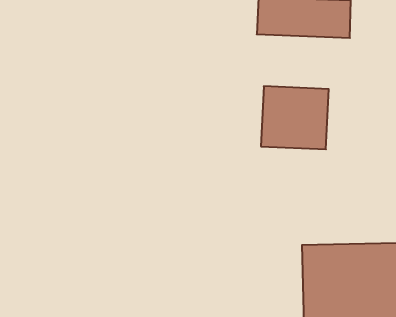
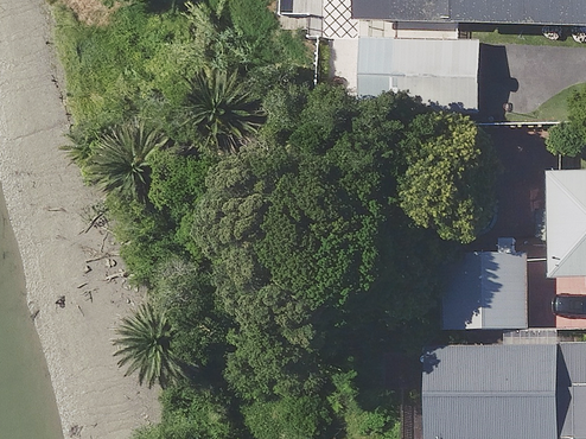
building: [261,86,329,149] -> [442,252,528,331]

